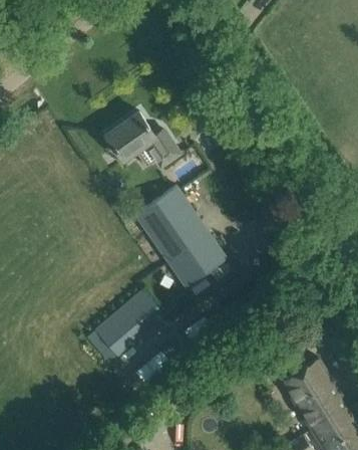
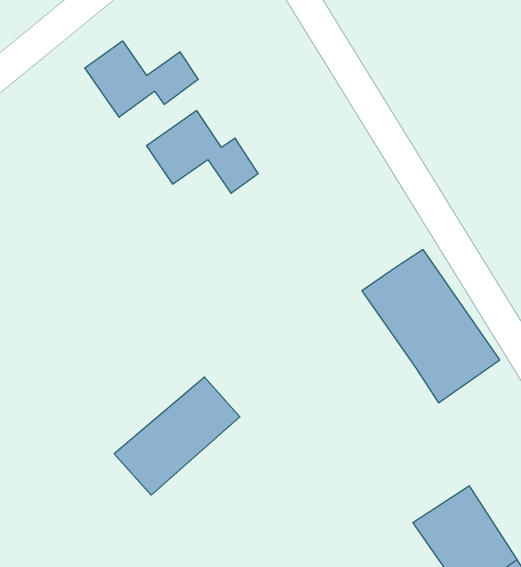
building: none -> [85,41,198,117]
building: [136,188,227,288] -> [362,250,500,403]

